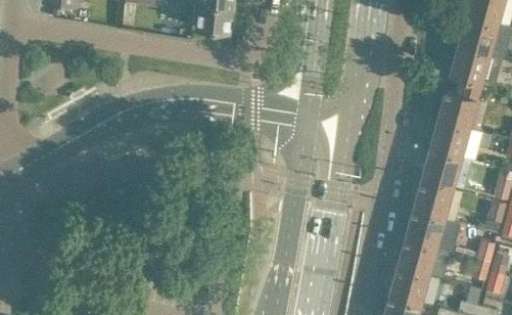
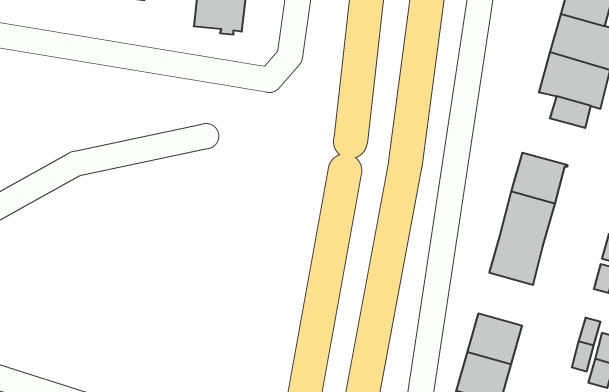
building: [436,94,476,132] -> none
building: [404,212,445,252] -> none

